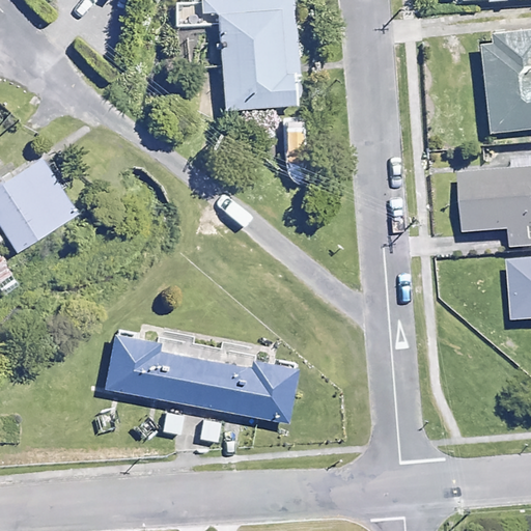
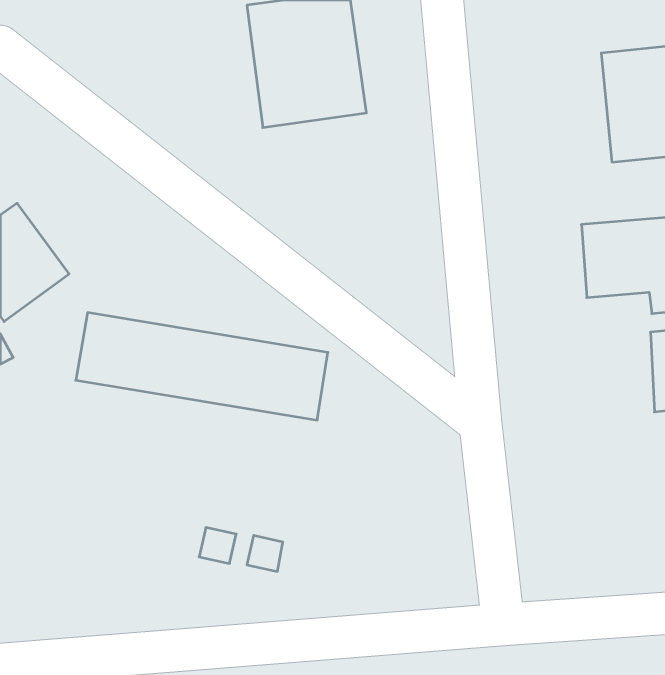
building: [106,336,303,420] -> [76,313,328,420]

